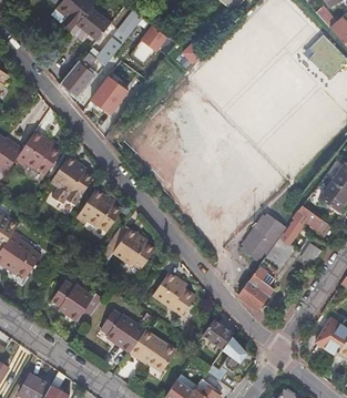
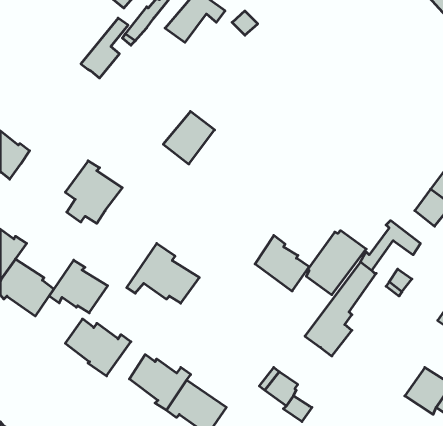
building: [90,72,130,113] -> [163,111,215,164]
building: [17,131,62,173] -> none
building: [76,190,122,231] -> [49,260,108,313]
building: [153,269,195,313] -> [255,235,309,291]

